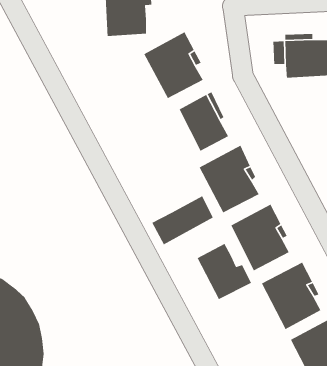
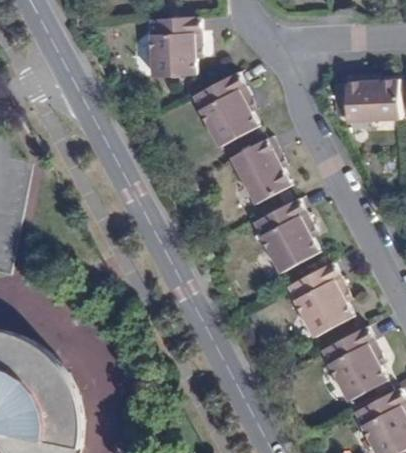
building: [151,195,214,245] -> none
building: [196,243,252,300] -> none

